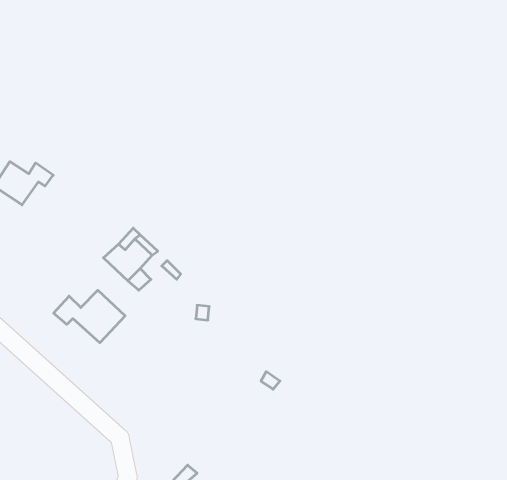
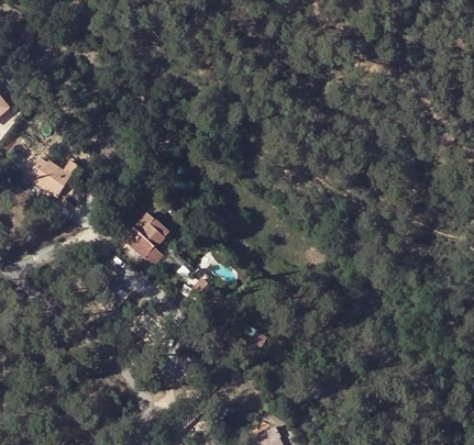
building: [54,290,125,343] -> none

